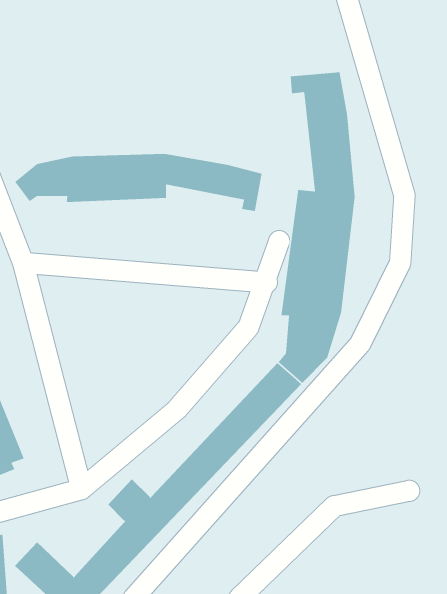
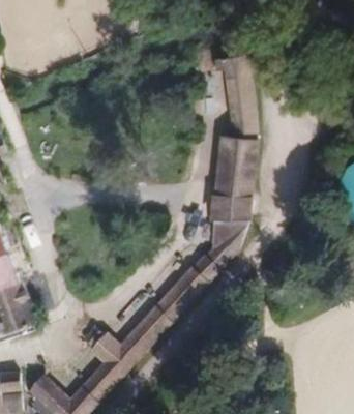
building: [14,153,262,212] -> none

